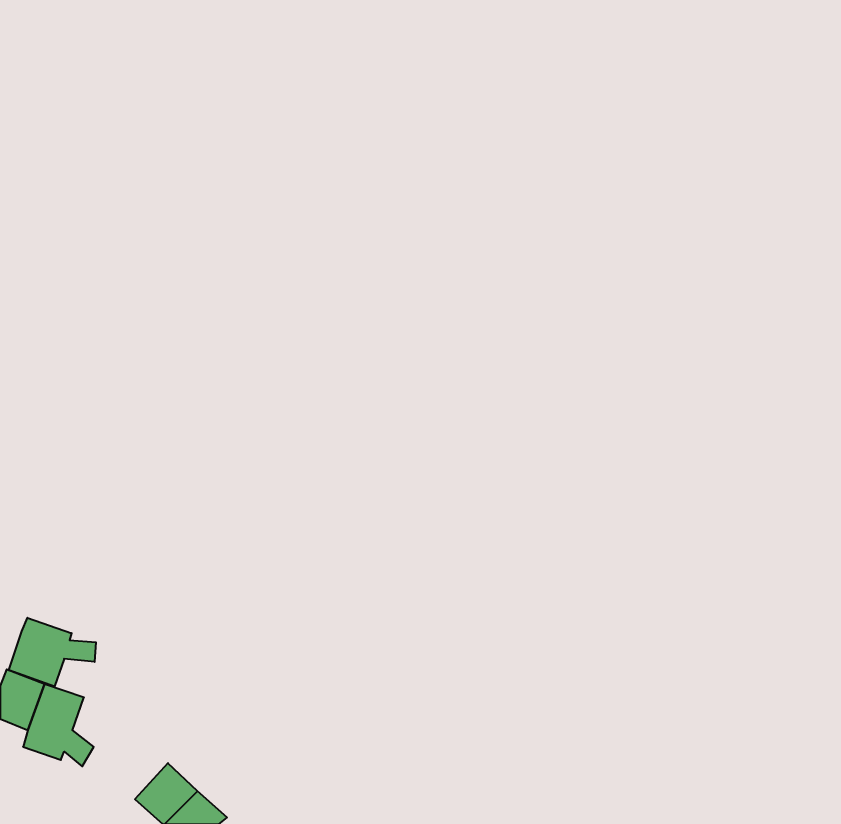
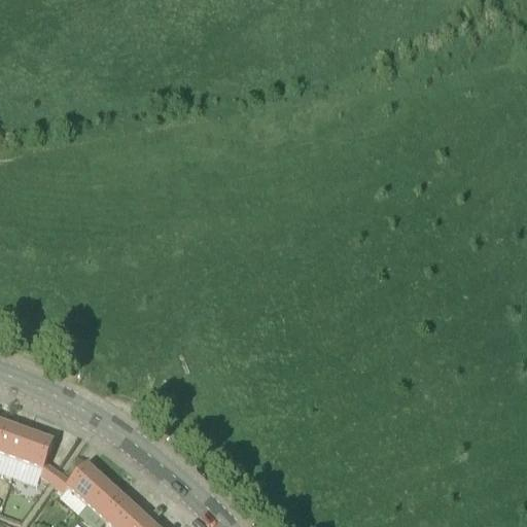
building: [9,618,96,687] -> none
building: none -> [51,461,105,500]

